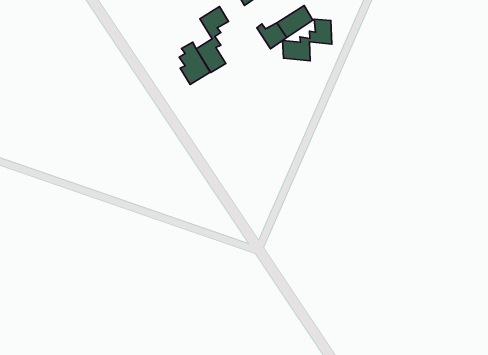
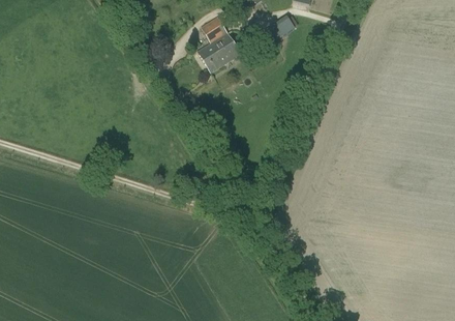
building: [282,19,332,61] -> none
building: [179,42,210,84] -> [213,29,239,64]

